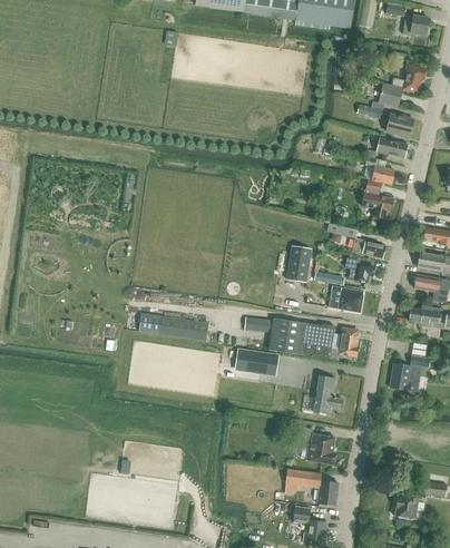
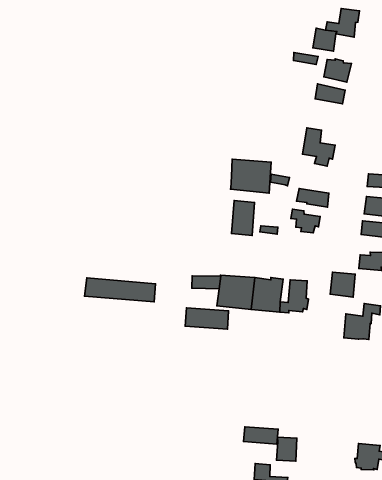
building: [364,157,394,184] -> none
building: none -> [231,159,271,193]
building: [338,287,363,313] -> [330,272,355,297]
building: [313,376,342,414] -> none
building: [299,427,336,464] -> none

